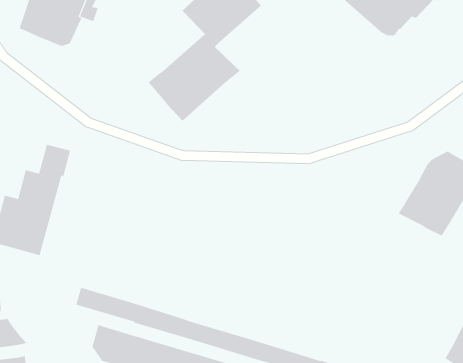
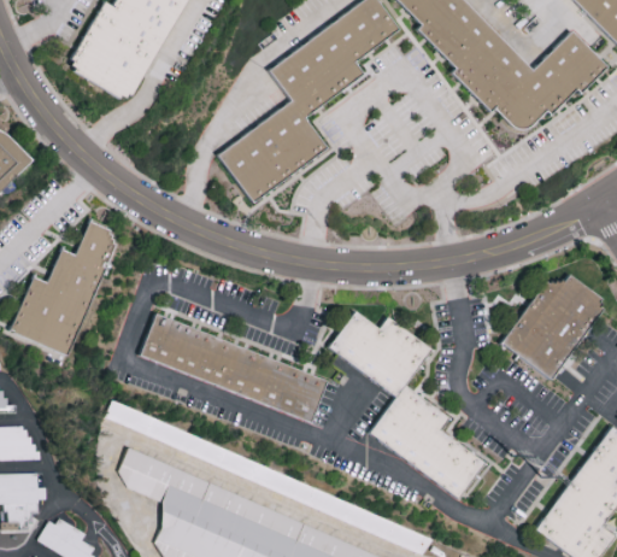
building: none -> [328,312,486,499]
building: none -> [141,316,327,422]

